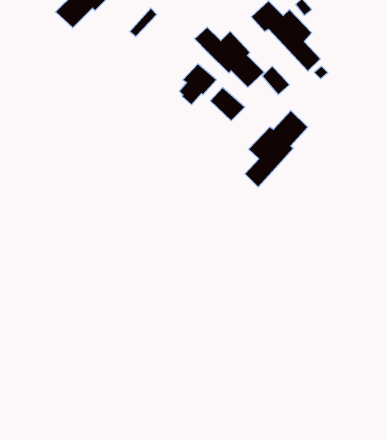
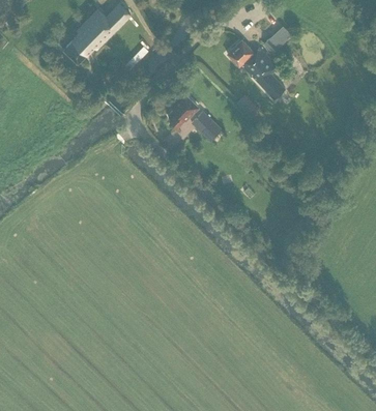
building: [194,27,264,87] -> none
building: [245,110,308,187] -> none

